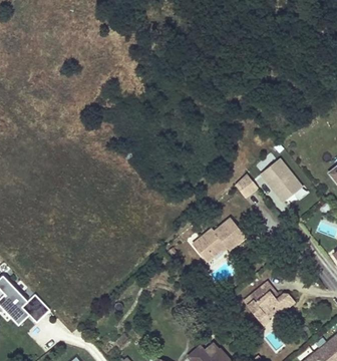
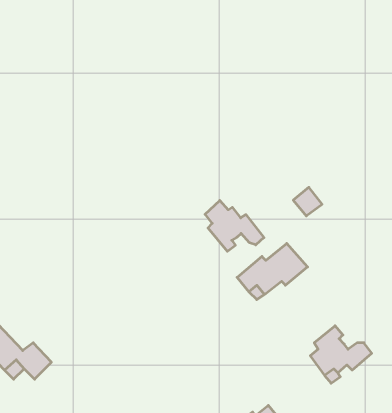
building: [260,159,299,201] -> none
building: none -> [205,200,264,251]

